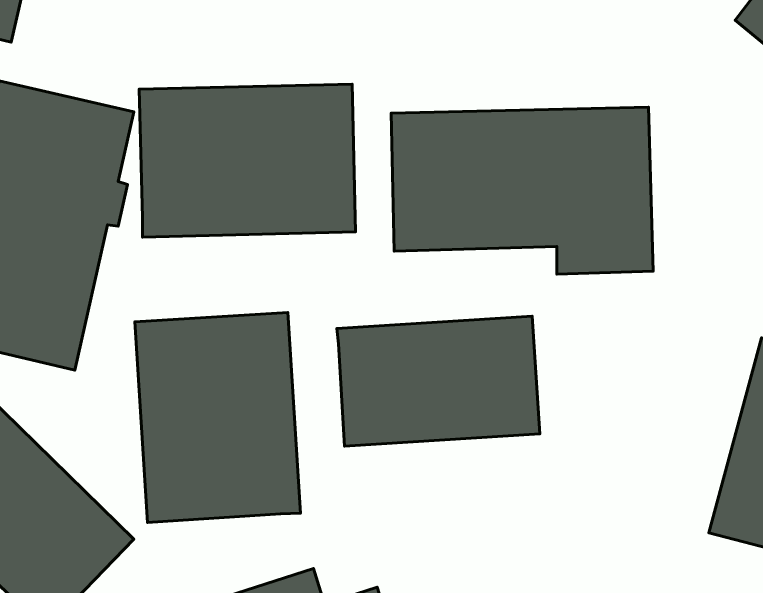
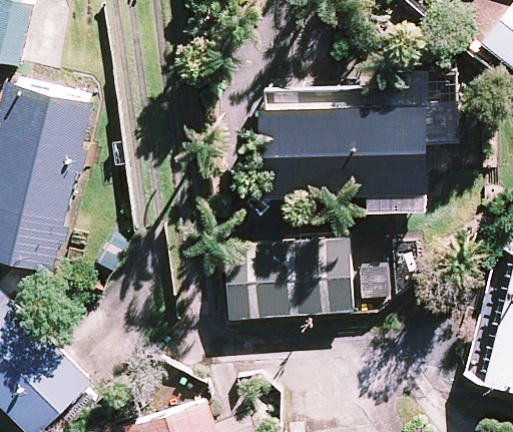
building: [139,84,355,237] -> none
building: [135,313,301,523] -> none

